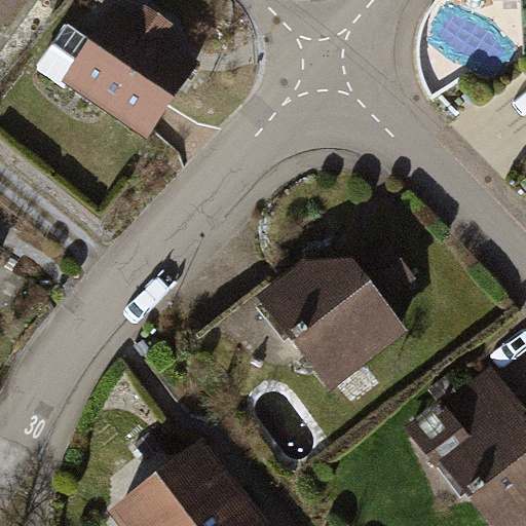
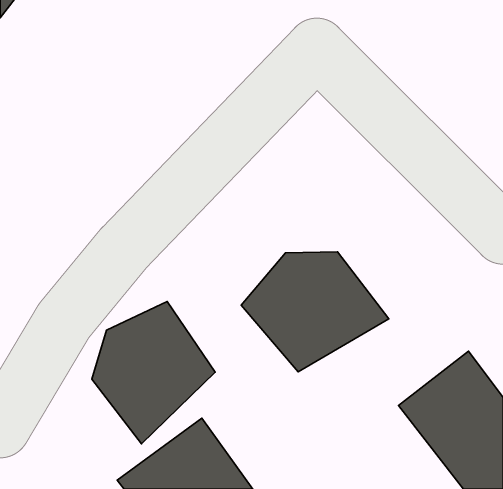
building: [67,22,189,139] -> none
building: none -> [92,302,215,444]

